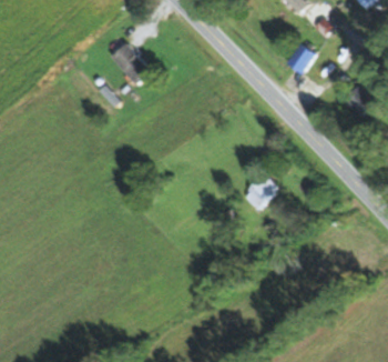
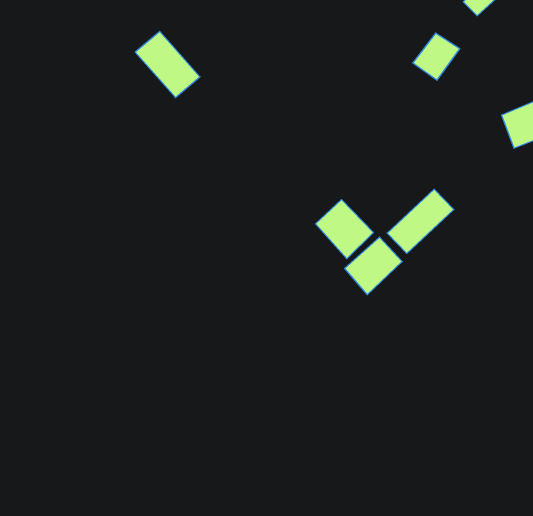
building: none -> [387,189,454,253]
building: none -> [315,200,373,259]

